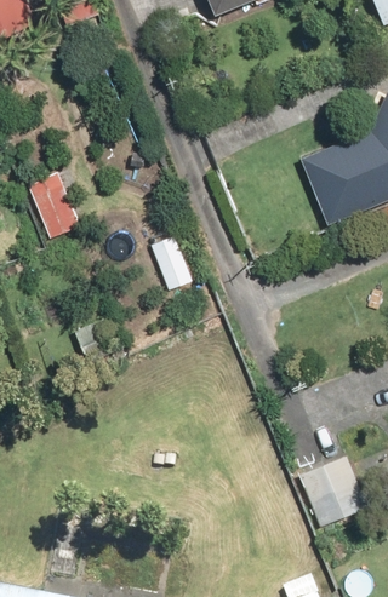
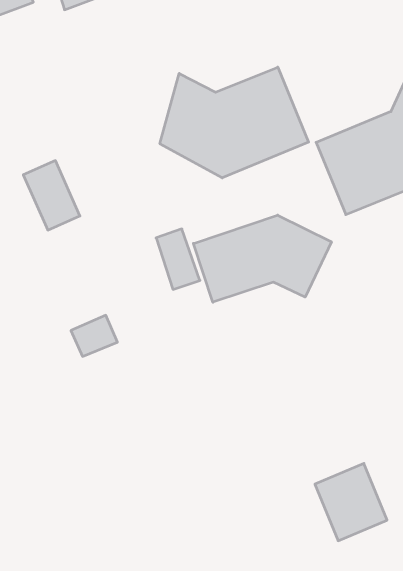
building: none -> [160,67,309,178]
building: none -> [193,215,331,302]

